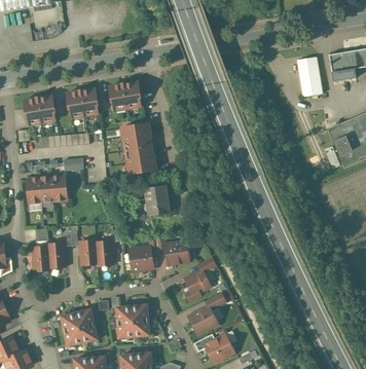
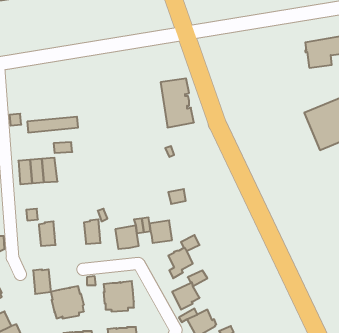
building: [296,56,322,96] -> none
building: [109,80,140,110] -> none
building: [66,88,98,117] -> none
building: [24,95,54,123] -> none
building: [121,122,156,174] -> [161,78,194,127]
building: [140,185,169,215] -> none
building: [79,239,98,264] -> none
building: [32,246,50,271] -> [33,269,51,294]

